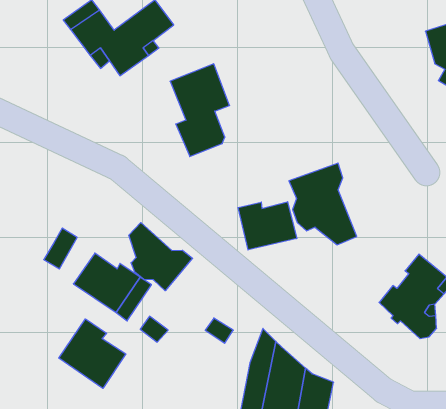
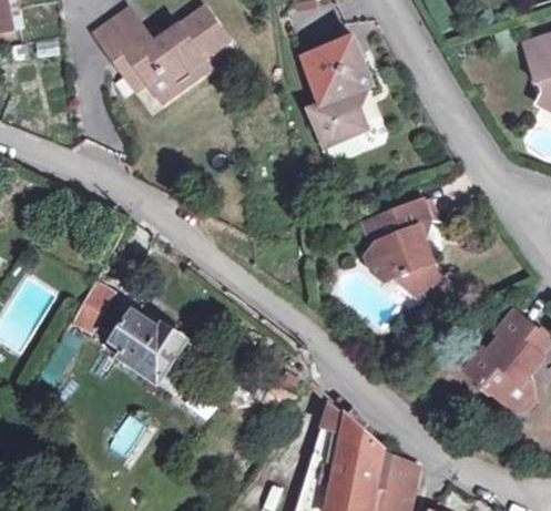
building: [170,64,230,157] -> [300,38,371,149]
building: [238,202,297,250] -> none
building: [129,223,193,291] -> none
building: [59,319,126,388] -> none

